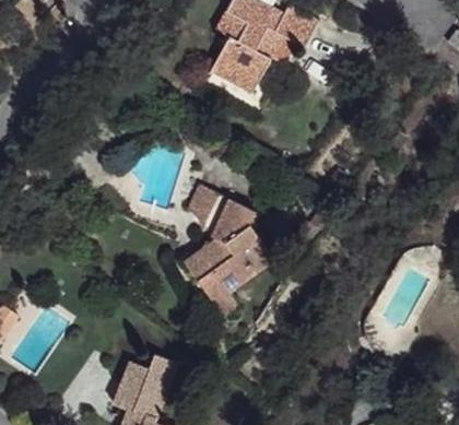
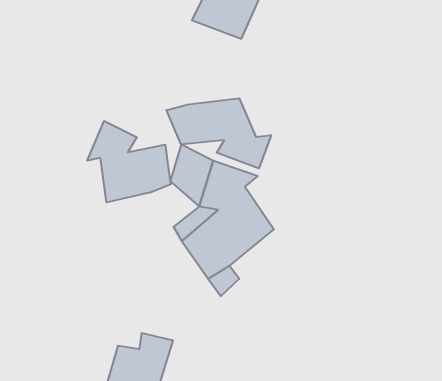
building: none -> [166,98,271,168]
building: none -> [87,121,171,202]

